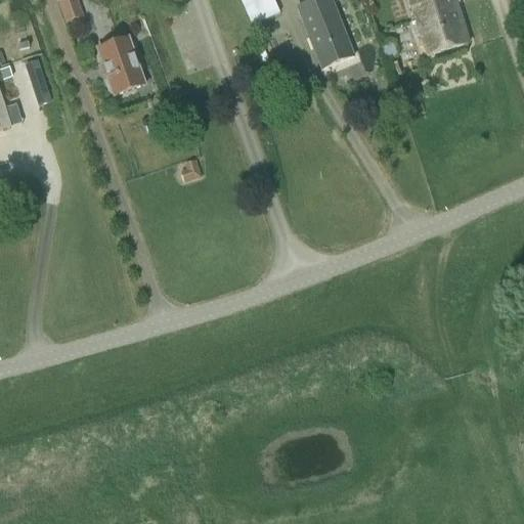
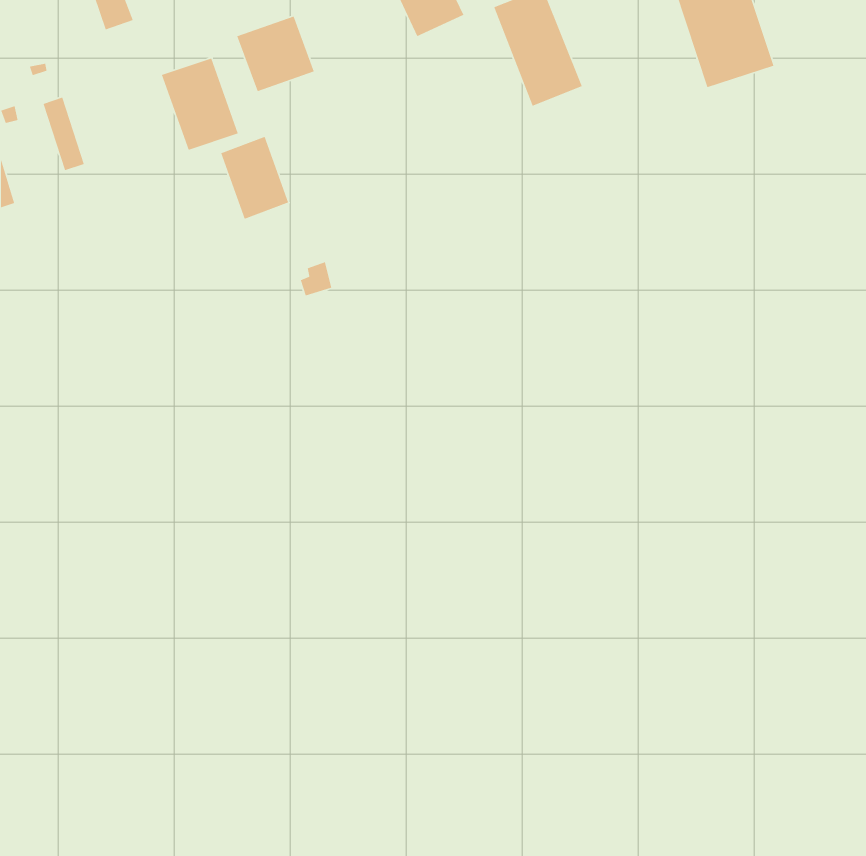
building: none -> [236,15,315,92]
building: none -> [220,136,289,220]

